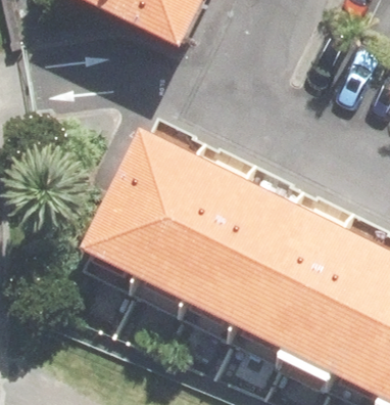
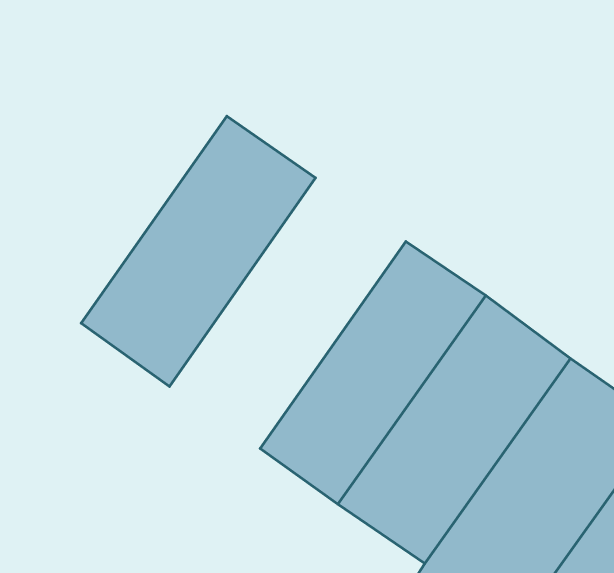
building: [129,145,239,290] -> none

